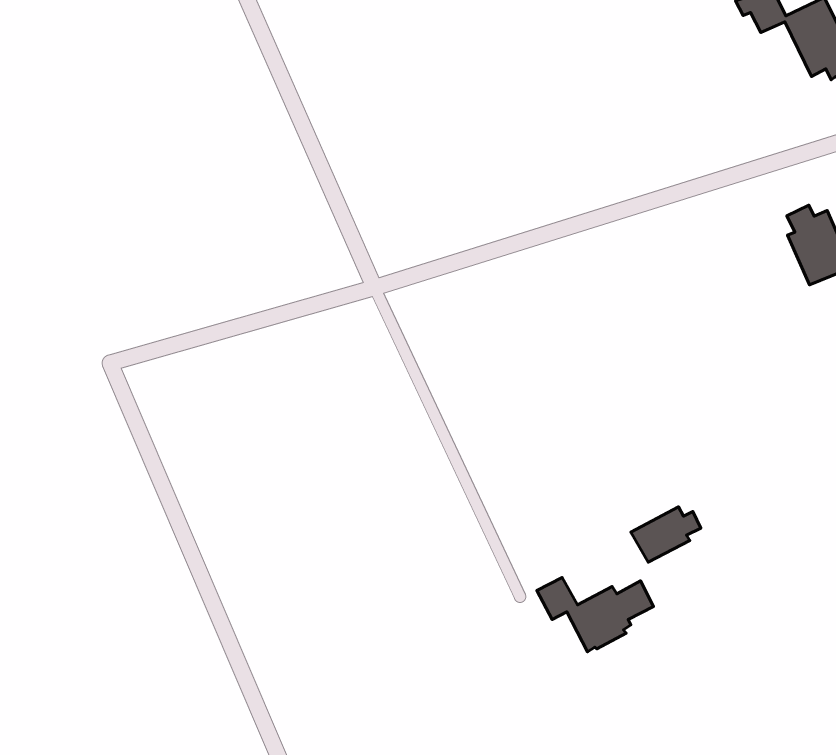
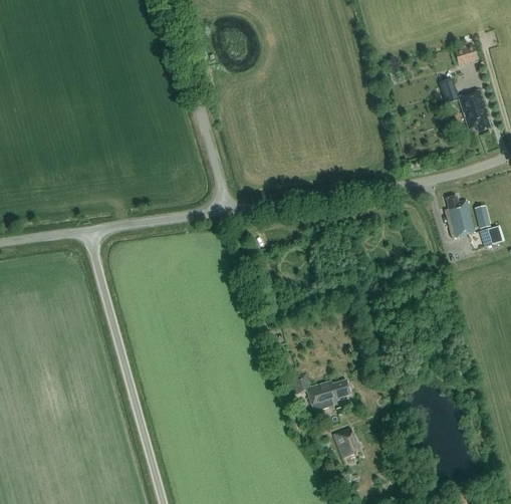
building: [631,507,701,562] -> none
building: none -> [332,428,358,458]

